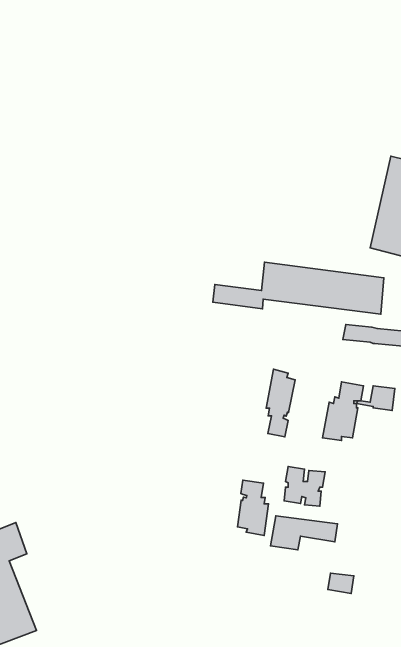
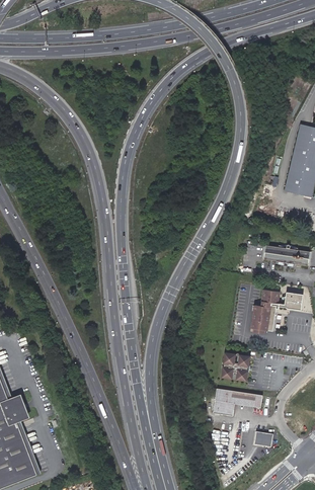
building: [213,262,384,314] -> none
building: [266,369,295,437] -> none
building: [237,480,268,535] -> none

